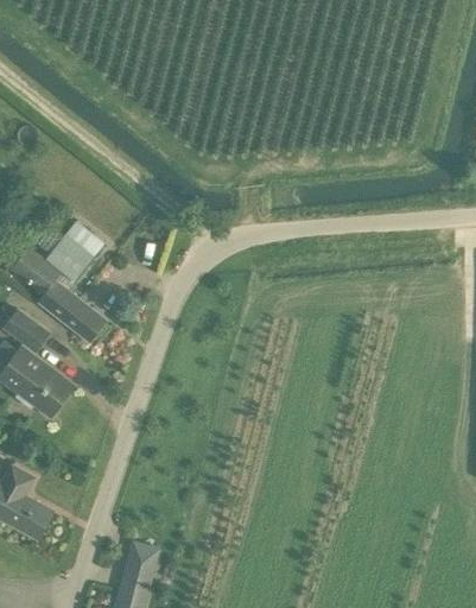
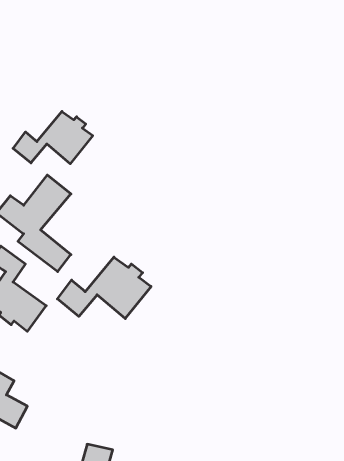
building: none -> [13,111,93,164]
building: none -> [57,257,151,319]

